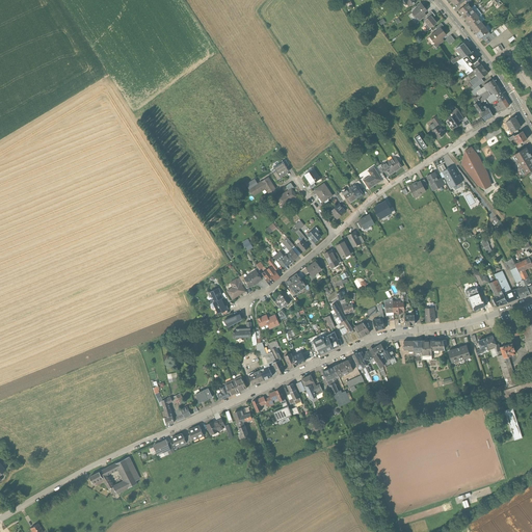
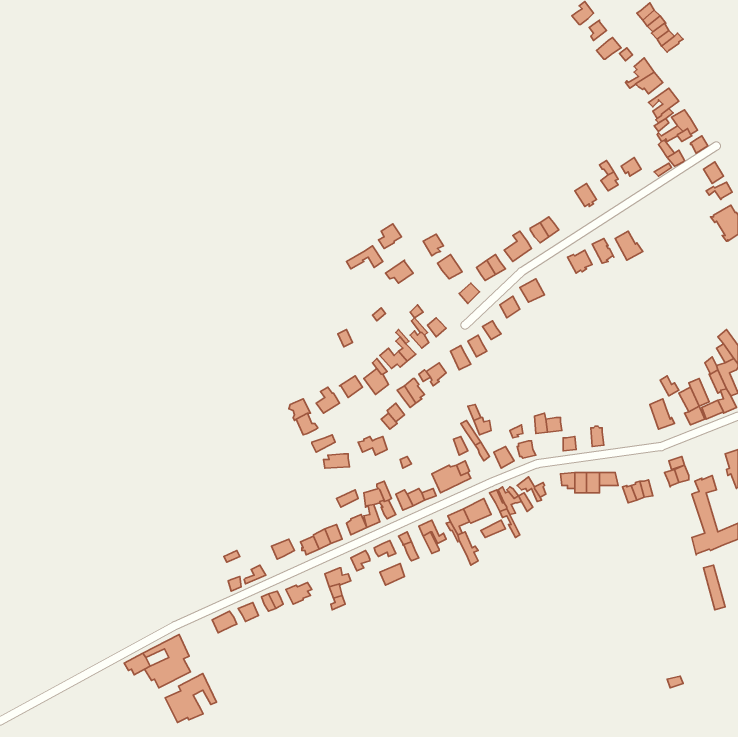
building: [462,147,490,187] -> none
building: none -> [165,673,216,723]

